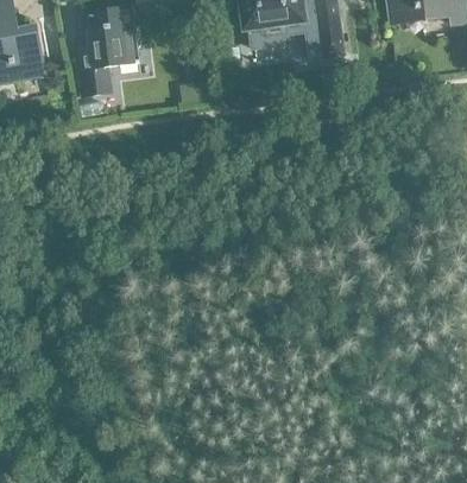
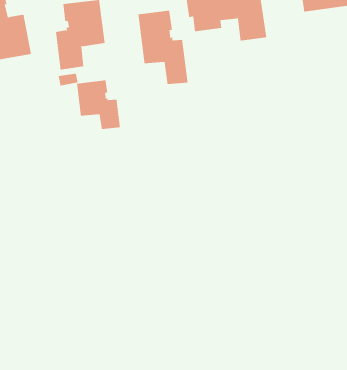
building: none -> [138,10,188,85]
building: none -> [77,79,121,130]

